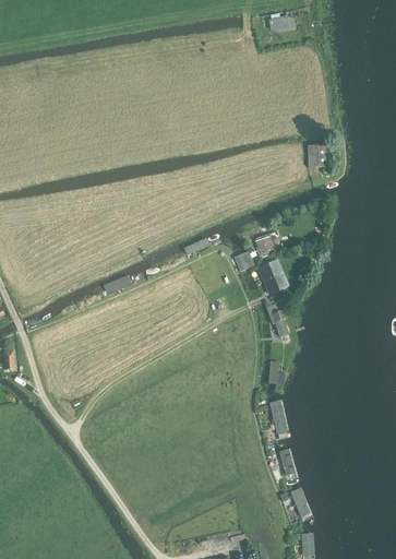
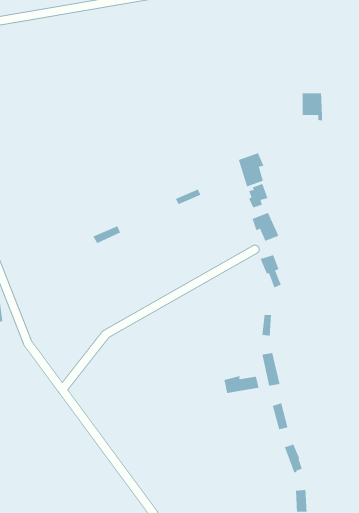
building: none -> [238,152,265,188]
building: none -> [224,375,259,394]

